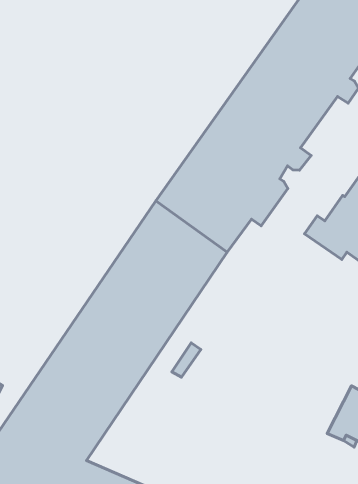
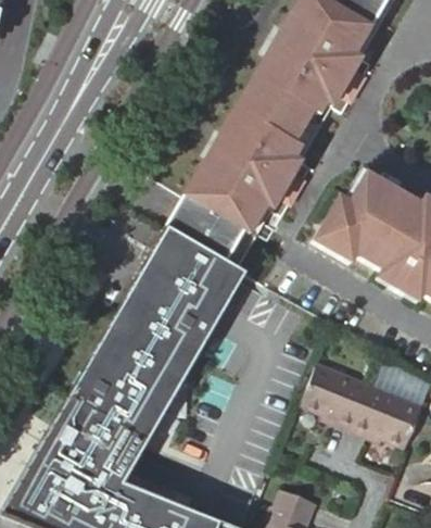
building: none -> [302,362,371,431]

